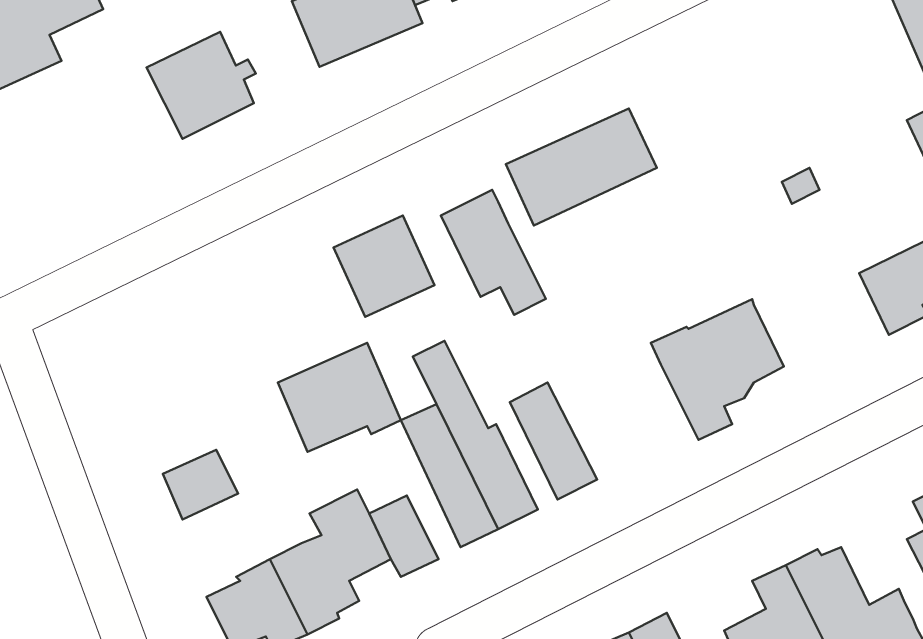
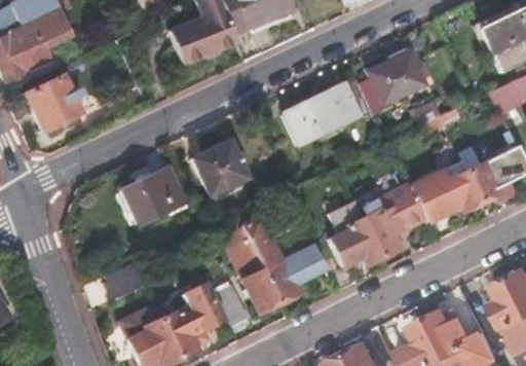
building: [147,32,256,139] -> [25,74,81,130]
building: none -> [367,49,425,103]
building: [441,190,546,315] -> [327,200,381,265]
building: none -> [410,161,480,222]
building: [278,343,401,452] -> [121,166,185,222]

